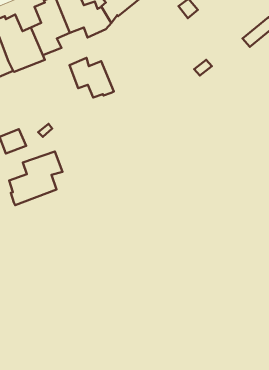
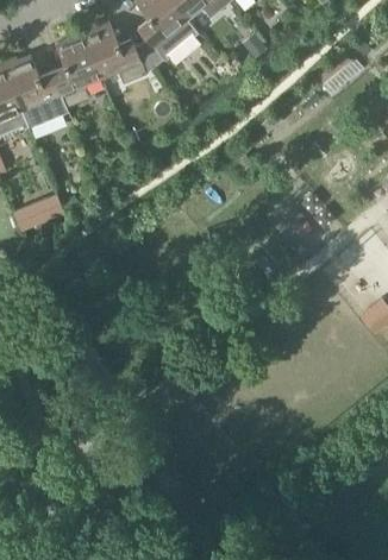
building: [69,58,114,98] -> none
building: [9,151,63,205] -> none

